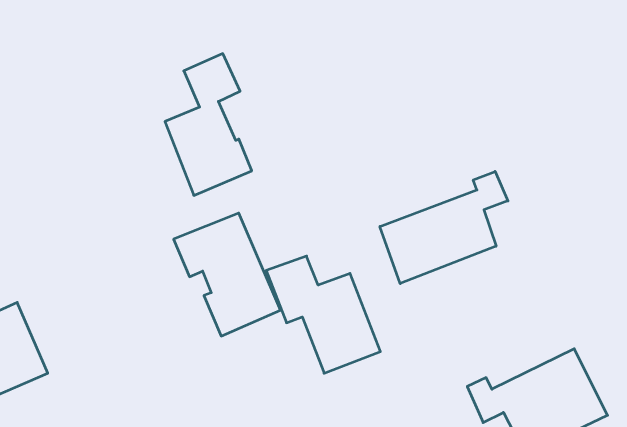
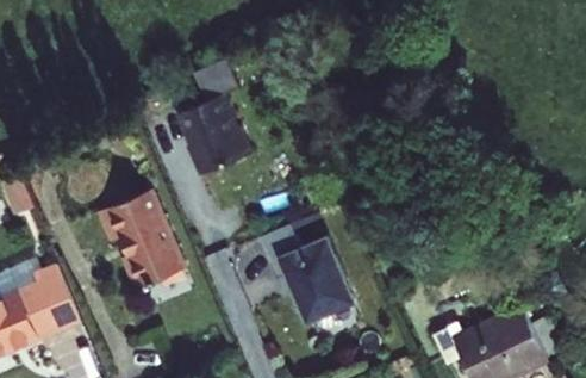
building: [380,171,508,284] -> none
building: [174,213,281,336] -> [96,184,185,285]

